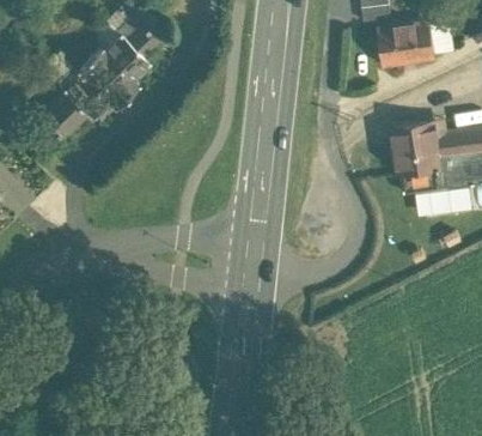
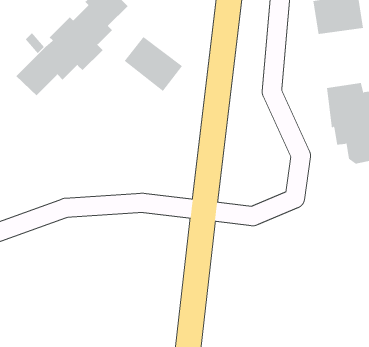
building: none -> [124,36,183,92]

